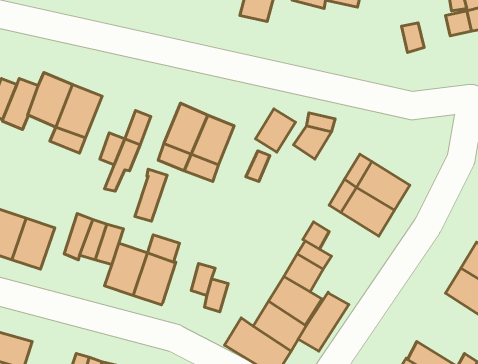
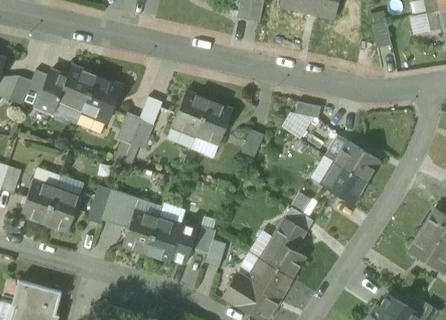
building: [255,109,295,152] -> none
building: [135,169,167,221] -> [171,219,198,263]
building: [298,292,349,351] -> none

